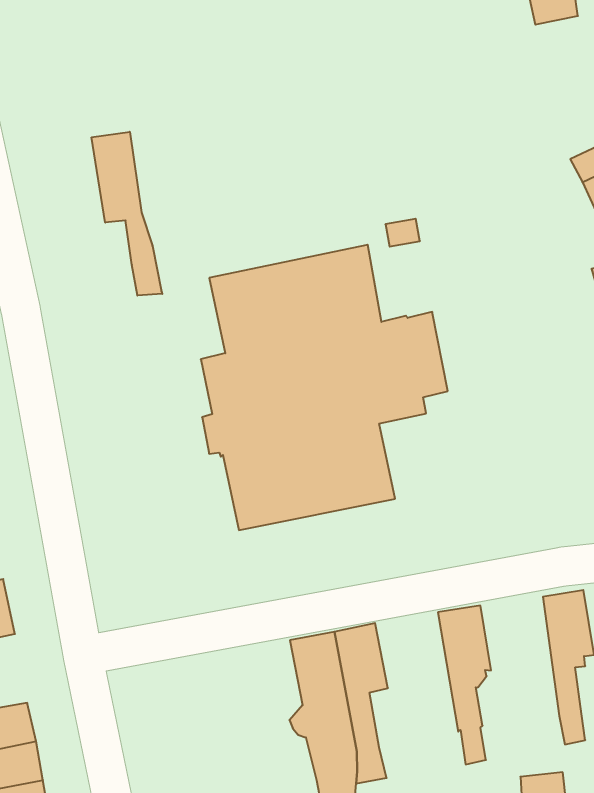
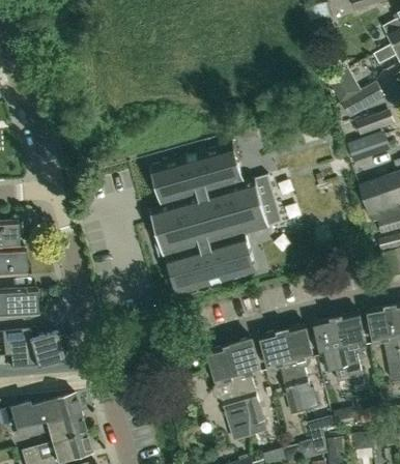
building: [92,132,162,296] -> none
building: none -> [315,317,351,381]
building: none -> [261,329,306,413]

